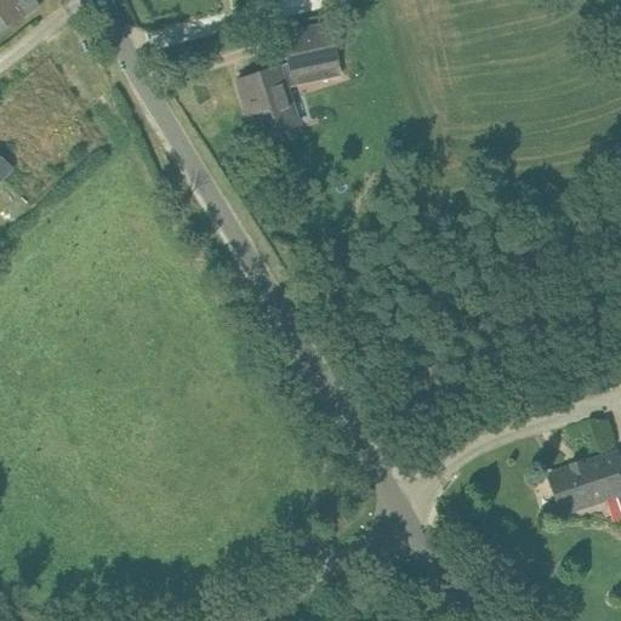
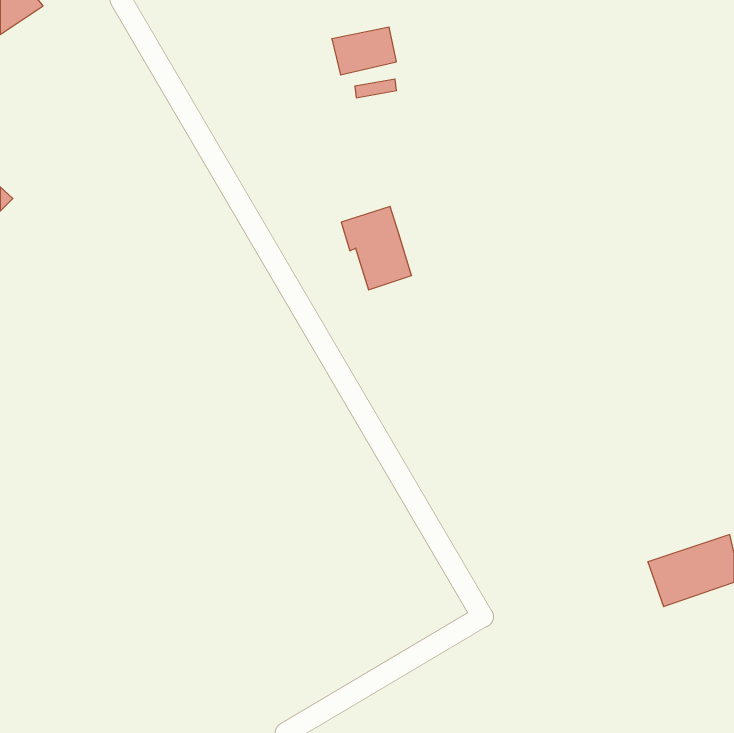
building: [237,65,296,136] -> [341,206,412,290]

